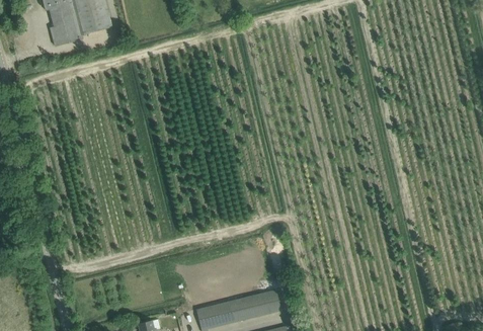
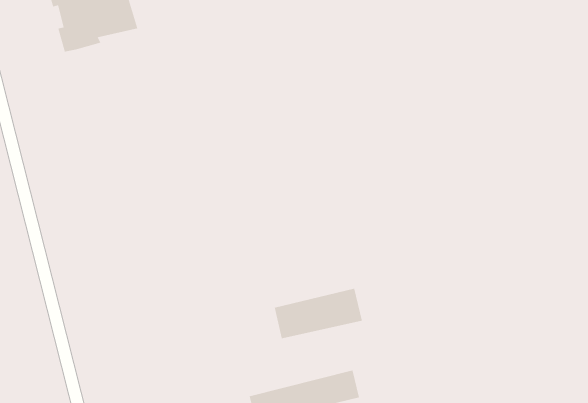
building: none -> [274,288,362,339]

